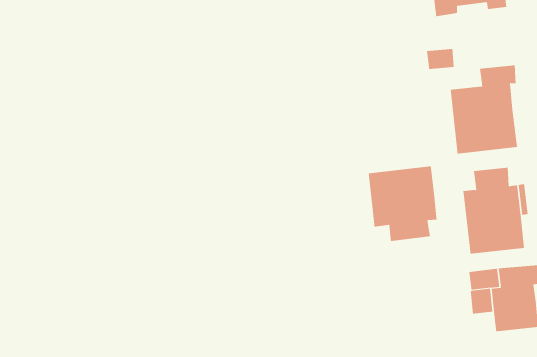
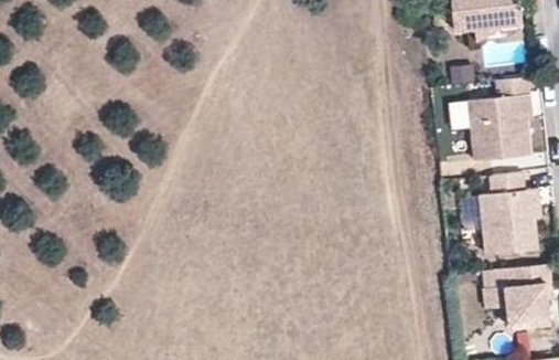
building: [368,165,437,242] -> none

